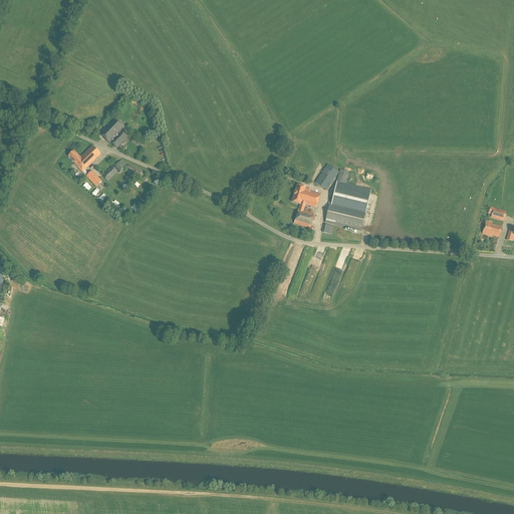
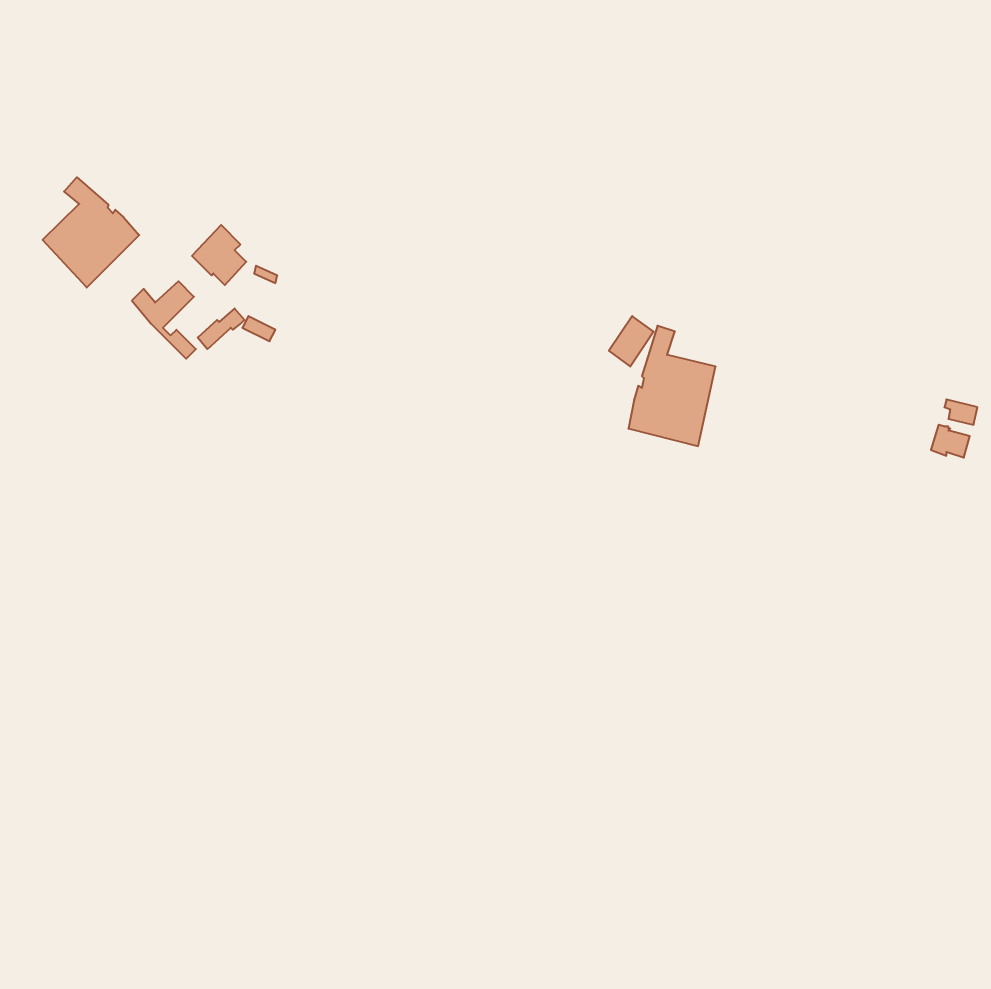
building: none -> [43,177,139,288]
building: [292,184,320,228] -> none

